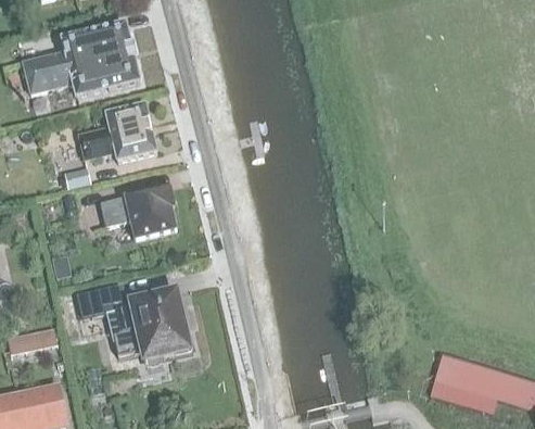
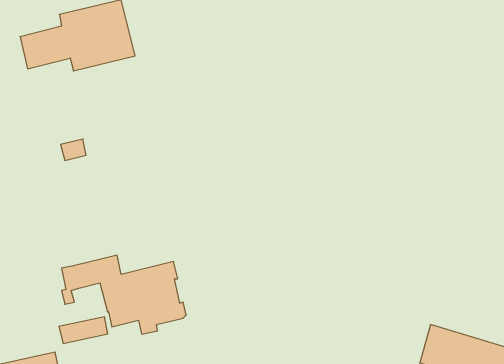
building: [81,104,157,161] -> none
building: [100,187,176,238] -> none
building: [8,327,58,354] -> [59,317,108,344]

